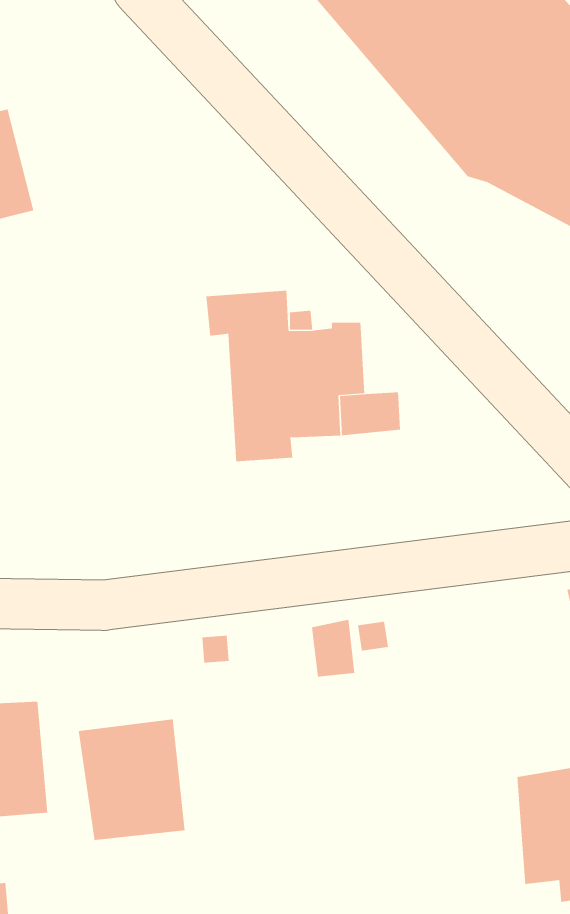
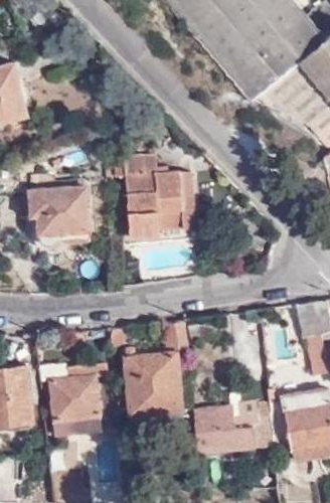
building: none -> [27,179,88,247]
building: none -> [128,352,185,409]
building: none -> [194,405,272,452]

